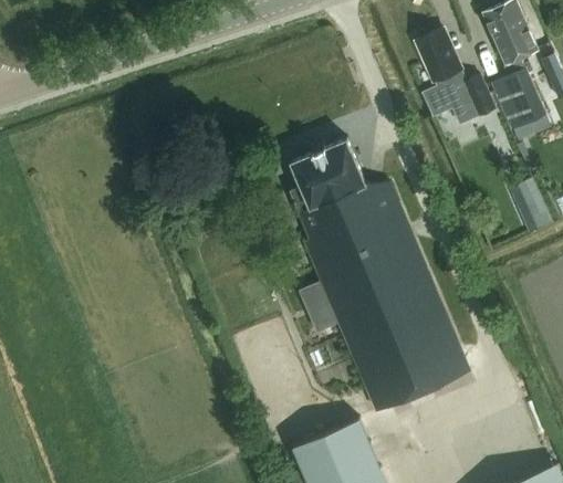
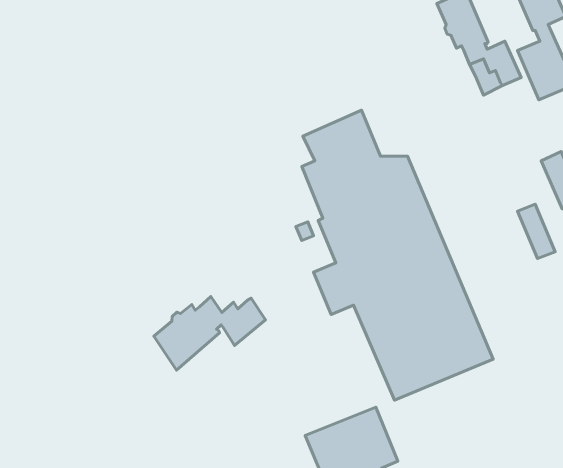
building: [421,83,453,116] -> none
building: none -> [517,204,555,259]
building: none -> [154,297,266,370]

